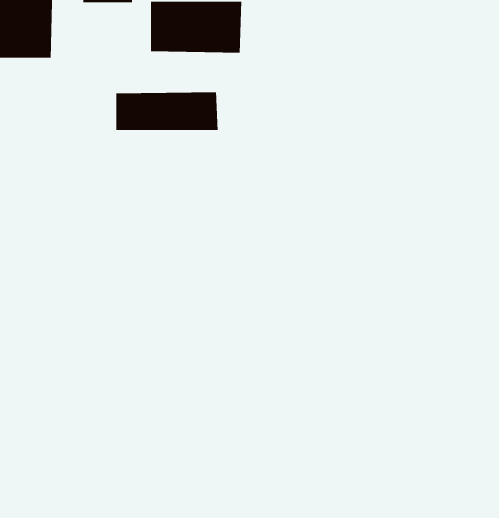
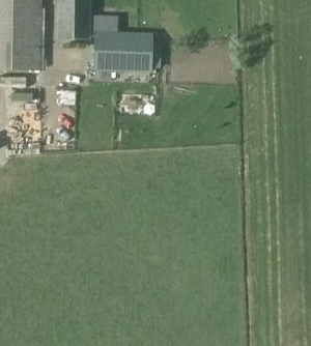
building: [116,91,218,131] -> none

